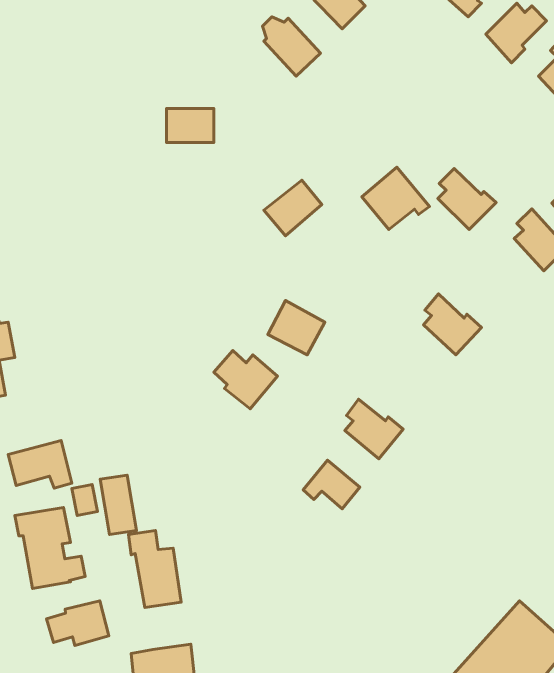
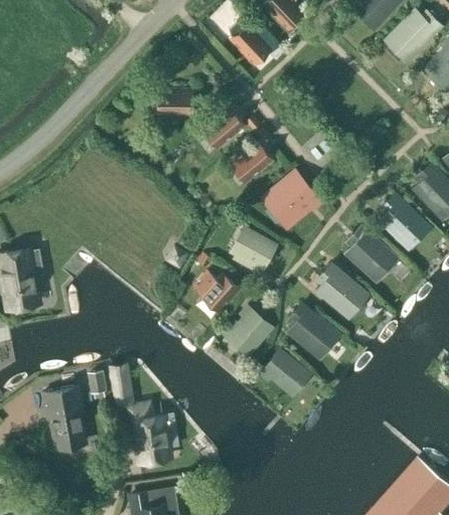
building: none -> [202,111,246,152]
building: [362,167,429,229] -> [272,174,322,220]
building: [438,169,496,229] -> [382,197,425,242]
building: none -> [318,267,360,312]
building: none -> [236,308,270,348]
building: [8,441,72,488] -> none
building: [47,601,109,646] -> none

